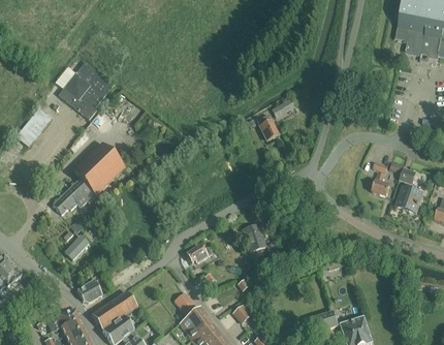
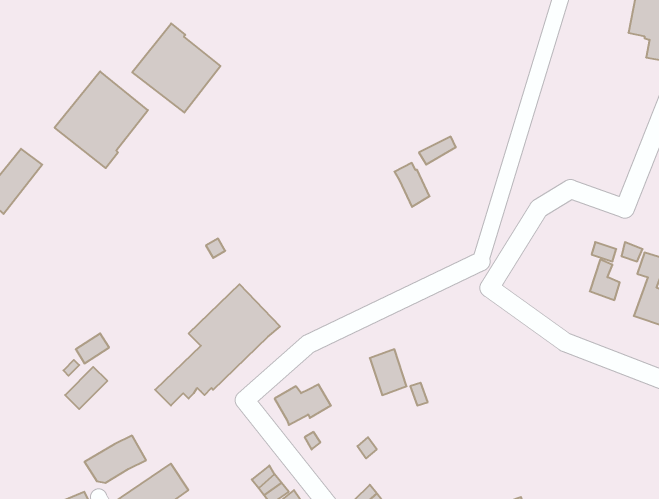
building: none -> [132,23,220,113]
building: [54,142,127,213] -> [155,284,280,406]

